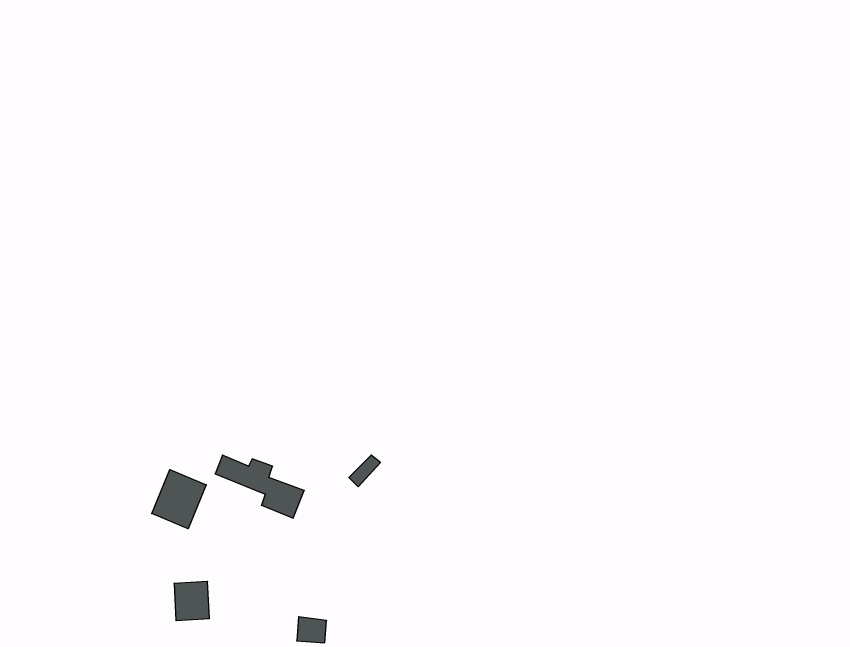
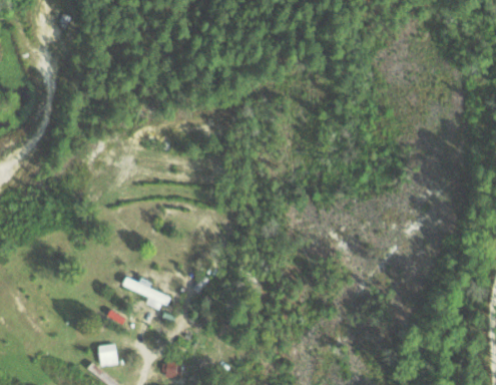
building: [152,470,206,529] -> none

